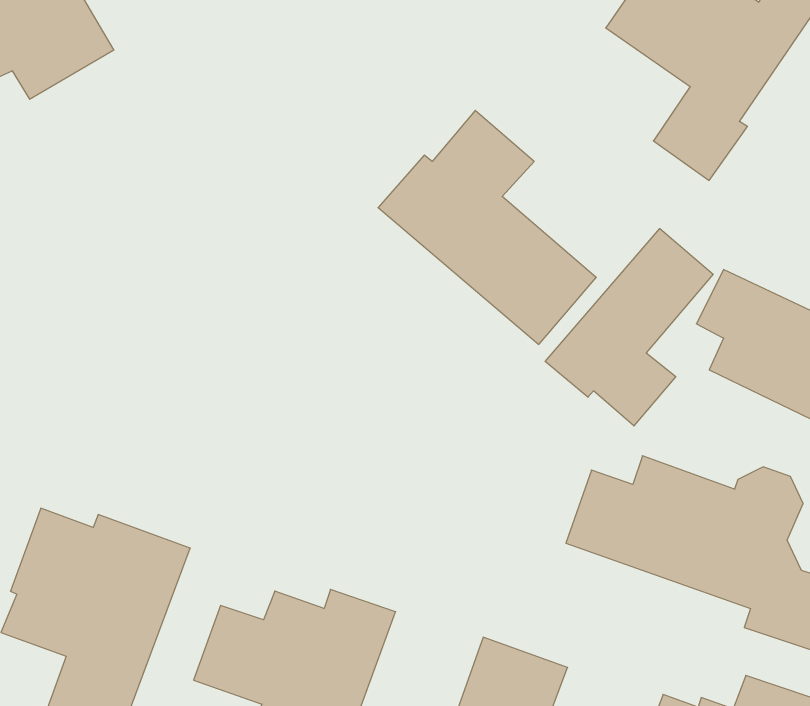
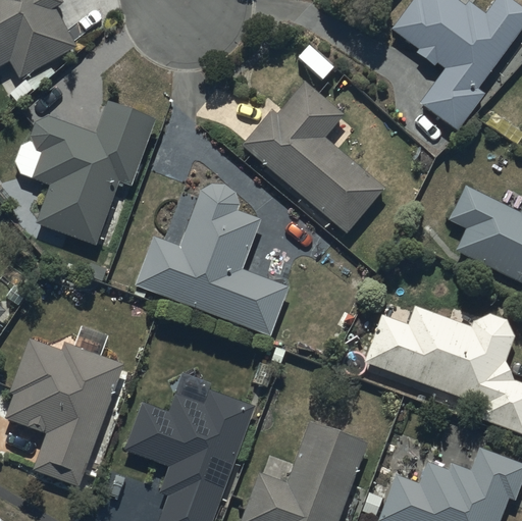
building: none -> [29,102,157,250]
building: [545,229,713,426] -> none
building: none -> [138,188,290,336]

